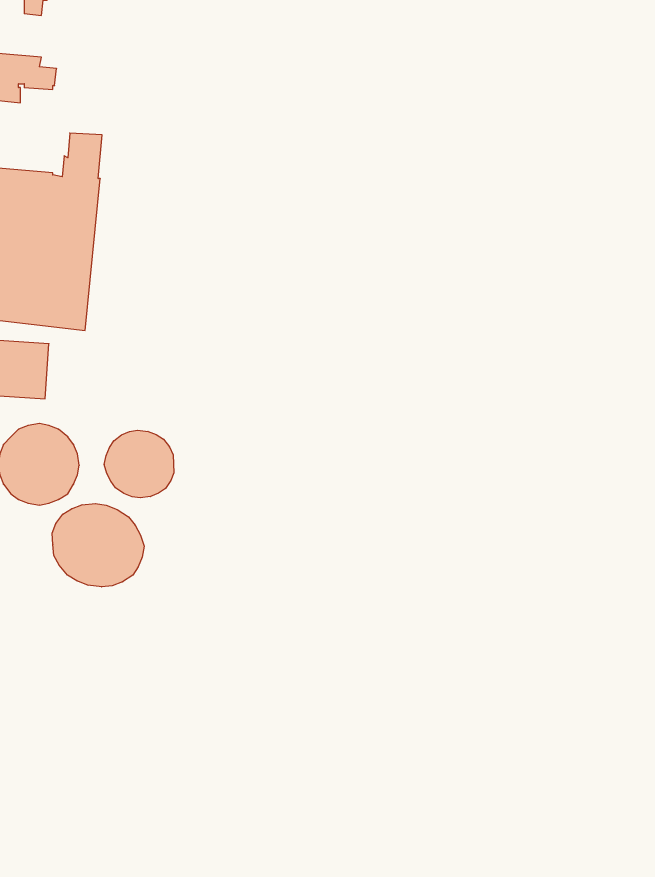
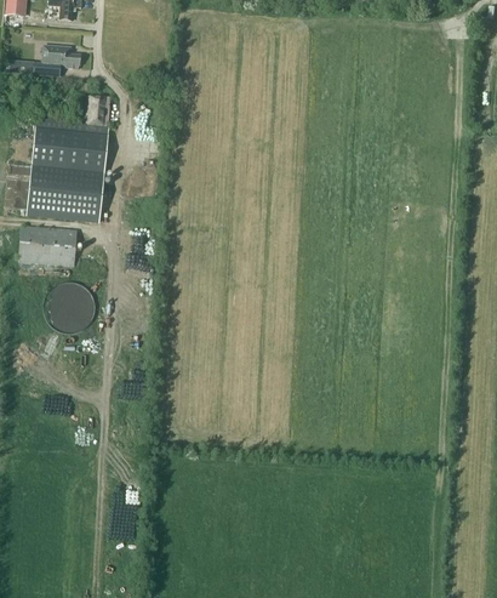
building: [104,430,174,498] -> none
building: [52,504,144,587] -> none

